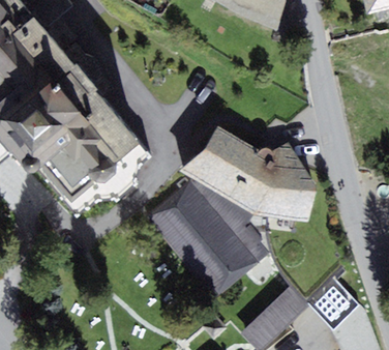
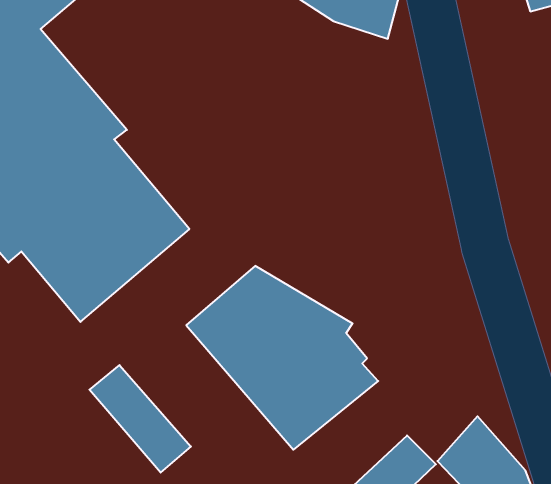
building: [179,124,316,221] -> none
building: none -> [89,365,191,473]

